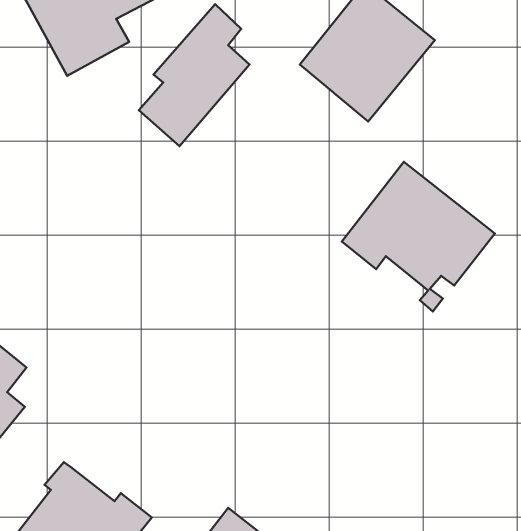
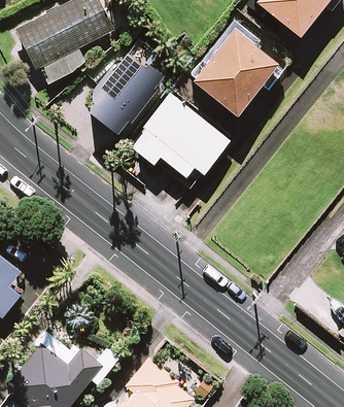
building: [342,162,495,312] -> [132,95,229,190]

